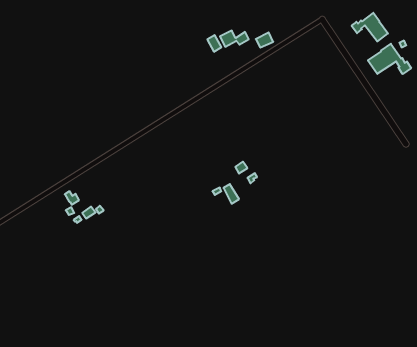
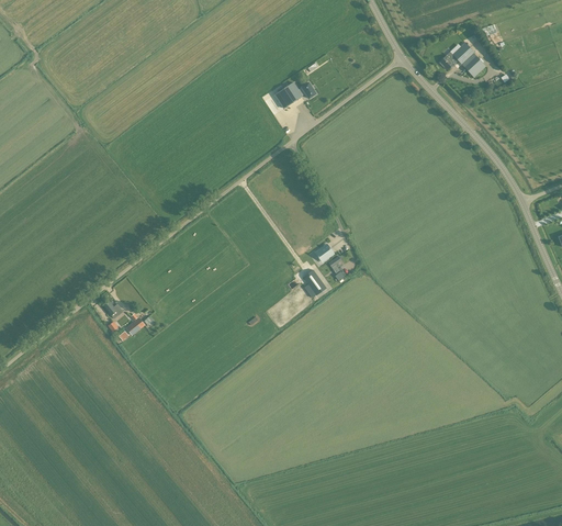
building: [368,44,411,74] -> none

